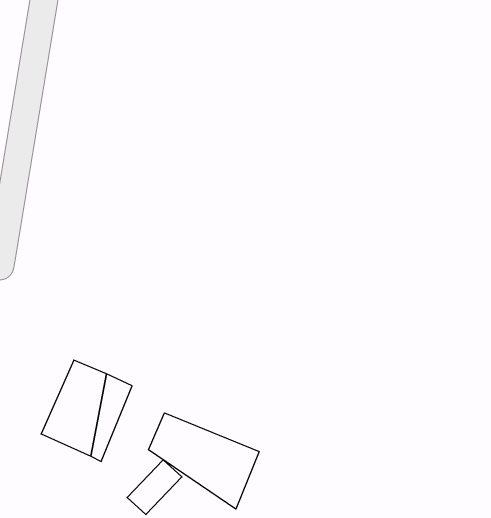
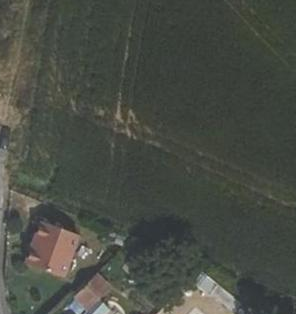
building: [149,413,259,509] -> none

